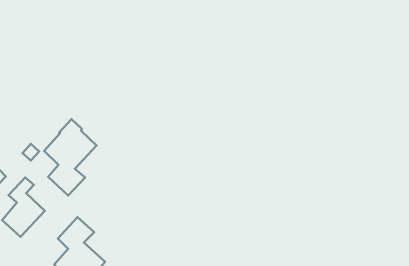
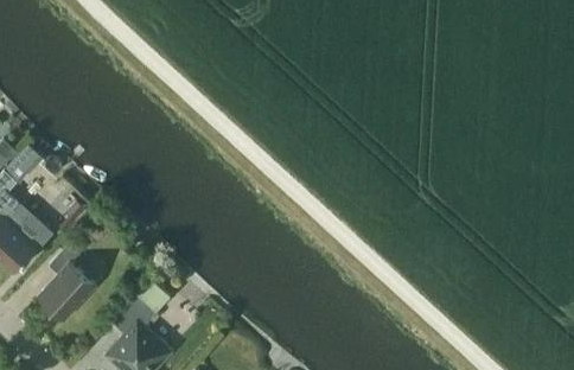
building: [44,119,96,195] -> none

